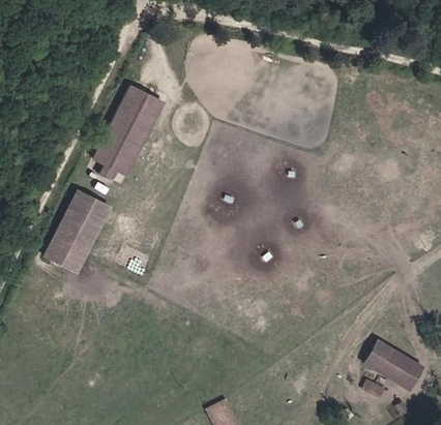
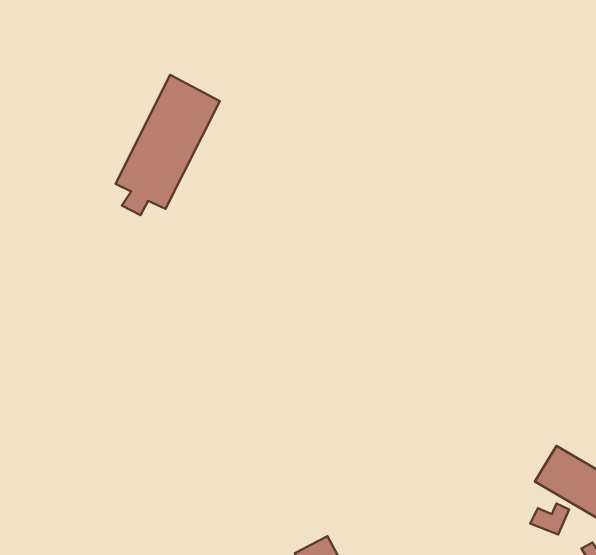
building: [38,198,106,281] -> none

